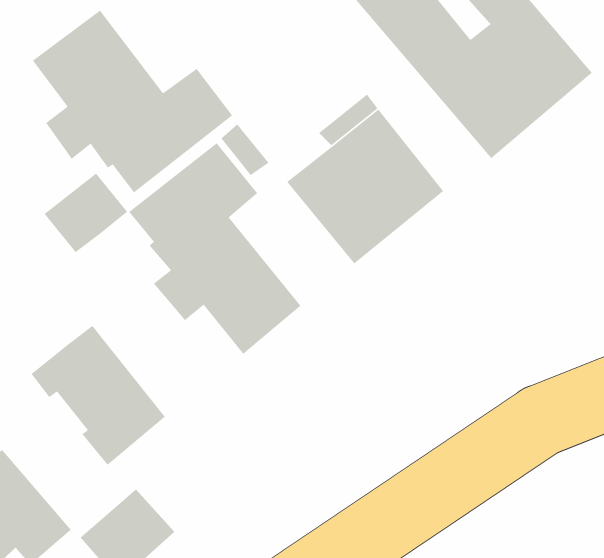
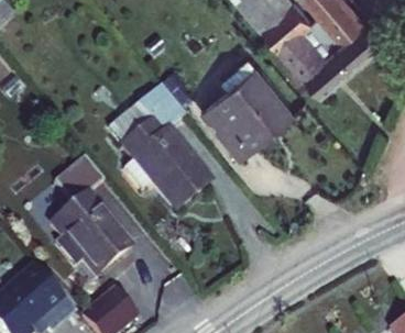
building: [32,9,233,194] -> none
building: [44,172,128,253] -> [54,156,103,203]

